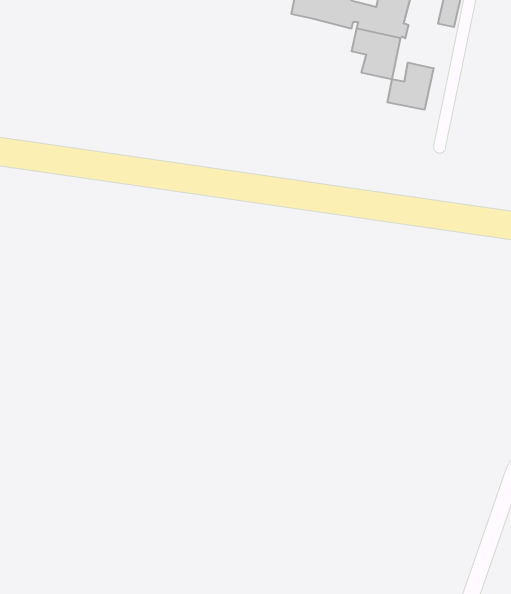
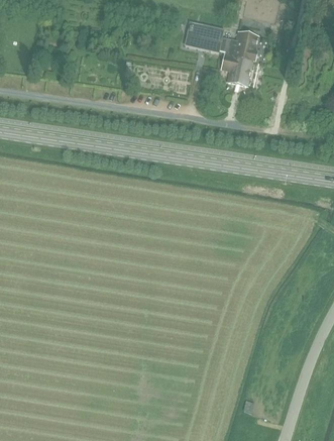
building: [387,63,434,110] -> none

